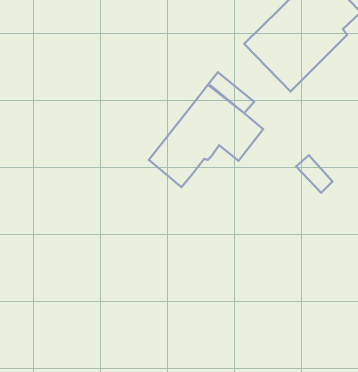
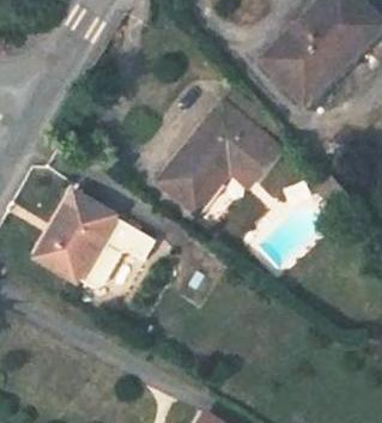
building: none -> [34,191,154,289]

